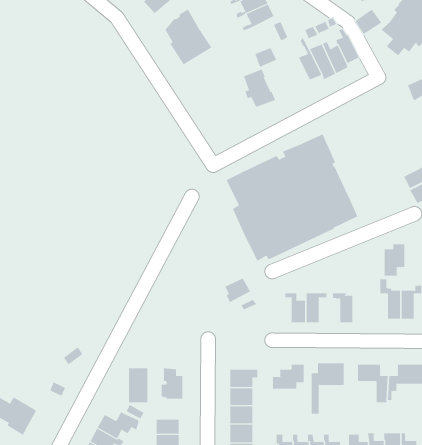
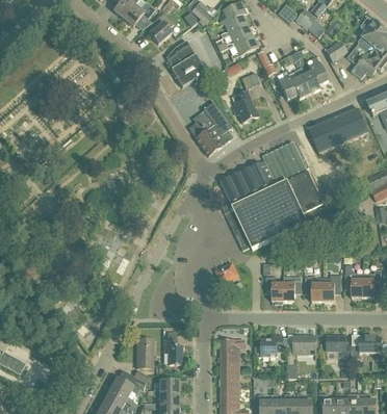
building: none -> [188,101,232,155]
building: none -> [309,106,370,153]
building: [384,244,405,276] -> [324,274,341,301]

